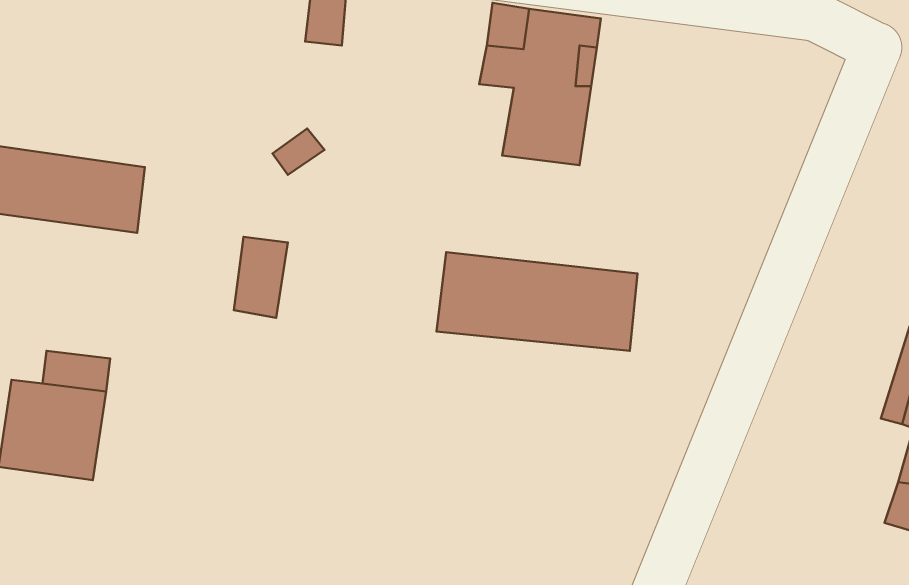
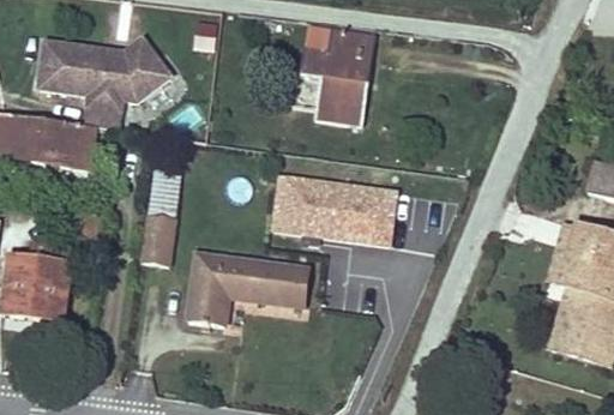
building: none -> [38,37,170,128]
building: none -> [142,218,174,264]
building: none -> [187,252,306,321]

